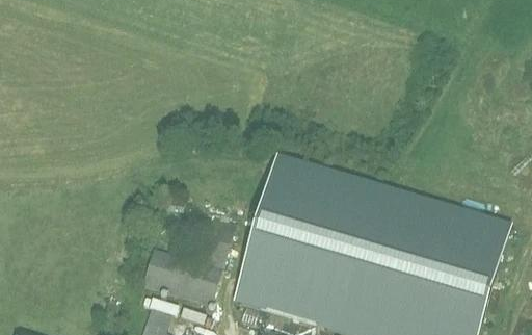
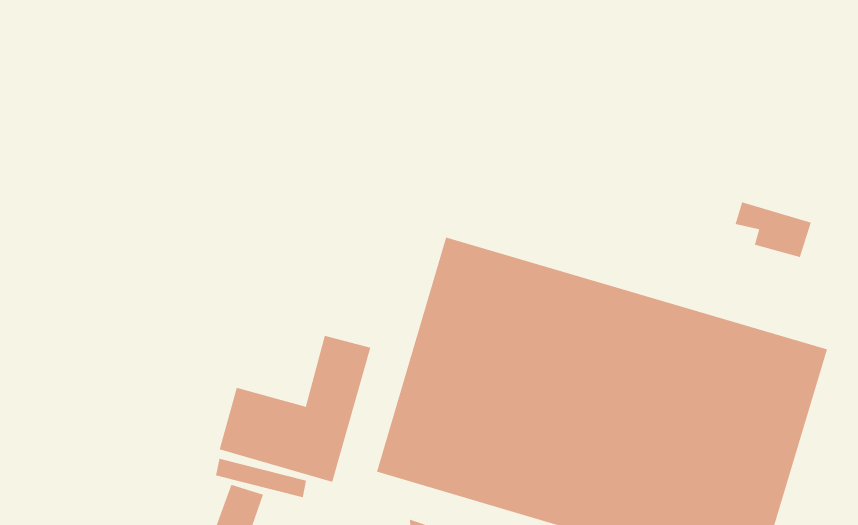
building: none -> [735,202,812,258]

